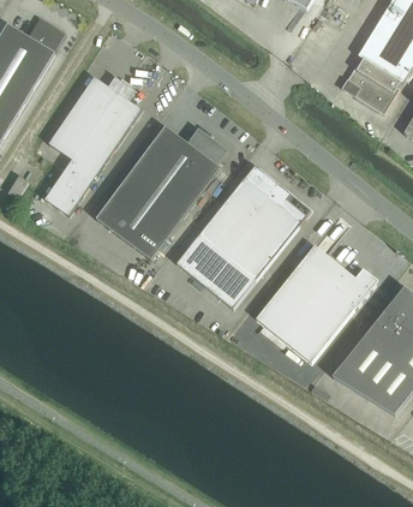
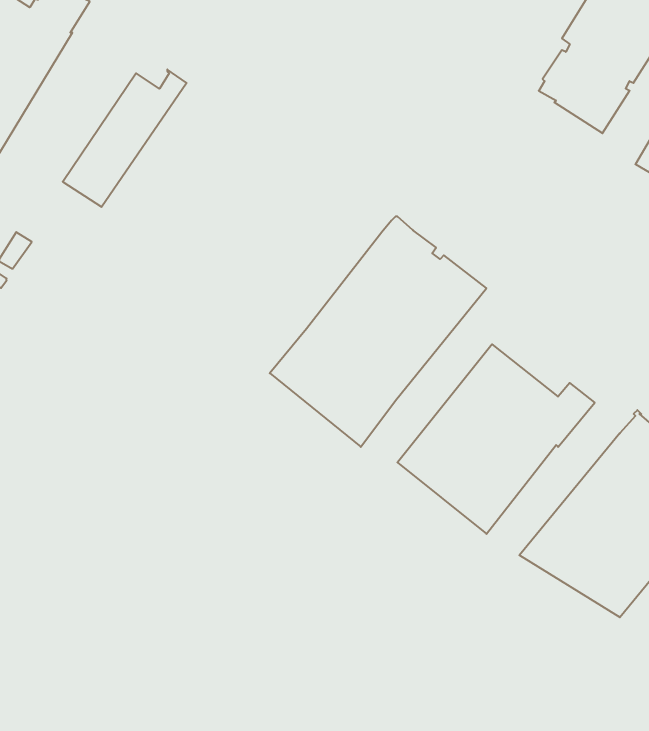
building: [44,82,142,215] -> none
building: [96,125,227,258] -> none

